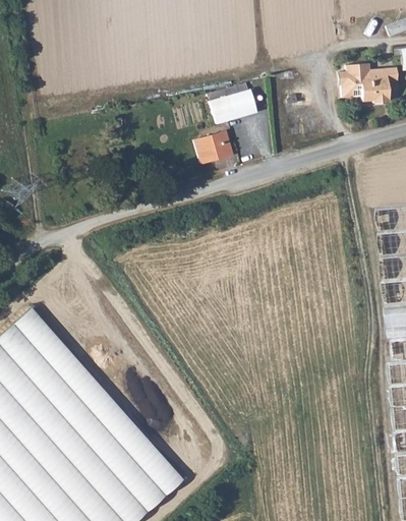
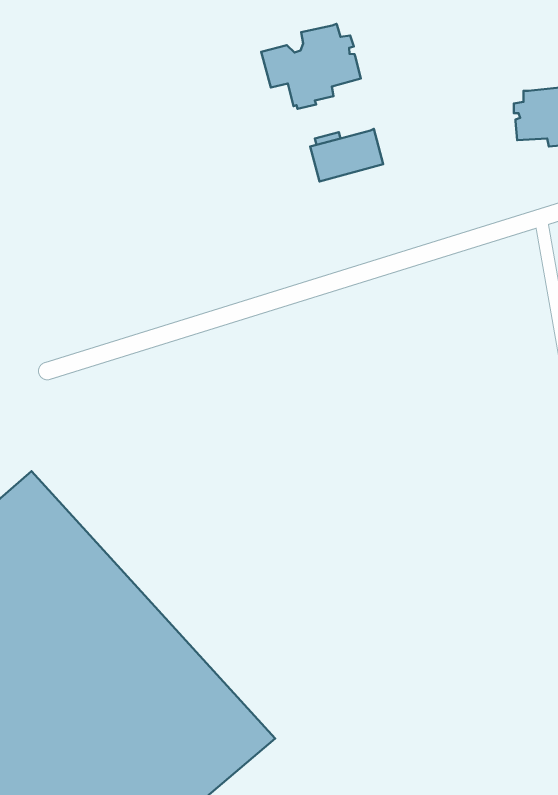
building: none -> [261,24,361,109]
building: [194,132,233,164] -> none

